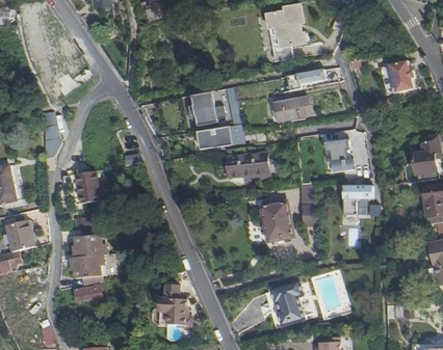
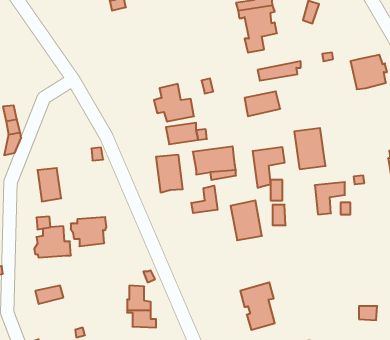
building: none -> [253,147,285,188]
building: none -> [156,155,183,193]
building: none -> [191,186,217,213]
building: [71,255,105,284] -> [71,217,106,246]

